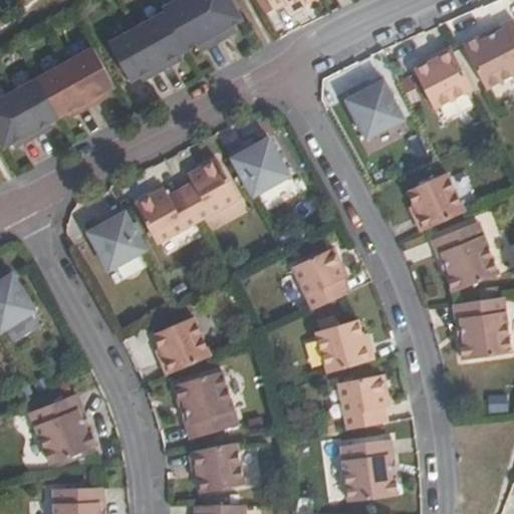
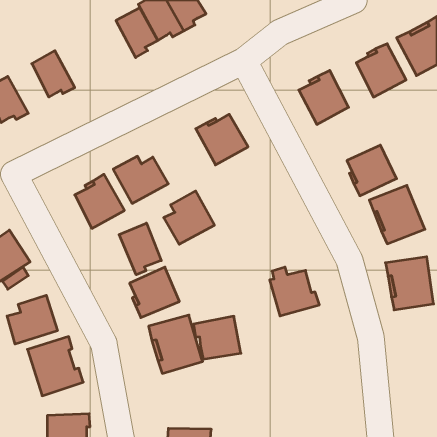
building: [107,26,159,80] -> none
building: [64,46,113,104] -> none
building: [9,76,57,135] -> none
building: [179,155,238,217] -> [164,191,214,244]
building: [292,245,346,308] -> none
building: none -> [119,223,161,275]
building: none -> [7,295,57,344]
building: [338,374,390,429] -> none
building: [191,441,246,491] -> [194,316,241,359]
building: [341,441,398,503] -> none

